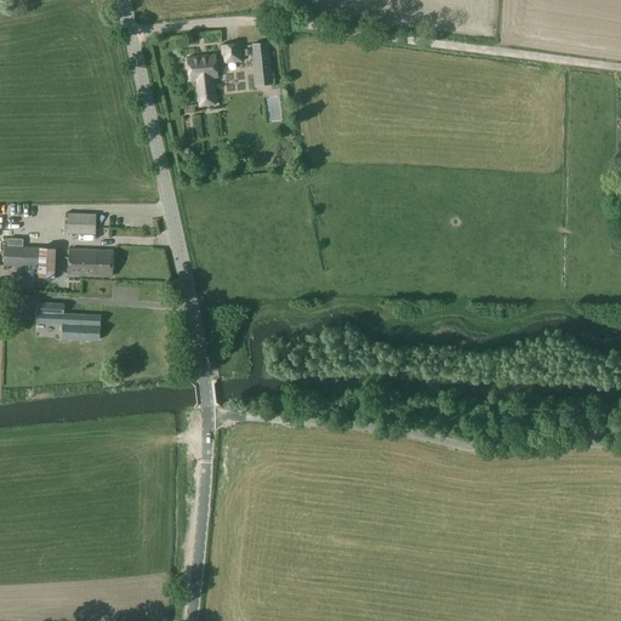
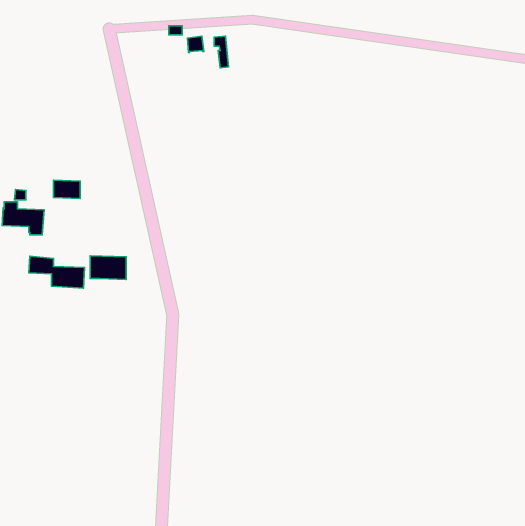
building: [186,55,217,106] -> none
building: [68,249,110,277] -> [90,256,126,279]

